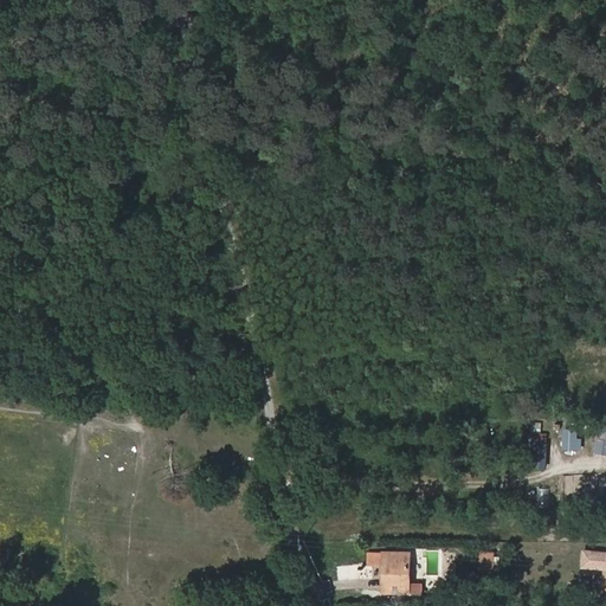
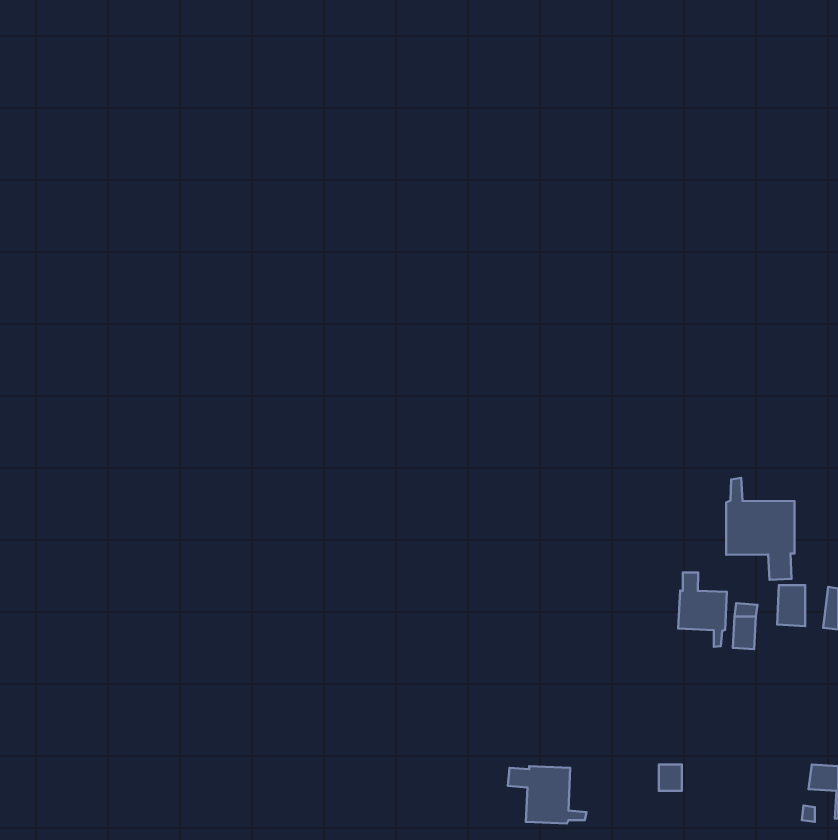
building: none -> [726,478,794,580]
building: none -> [678,573,727,647]

